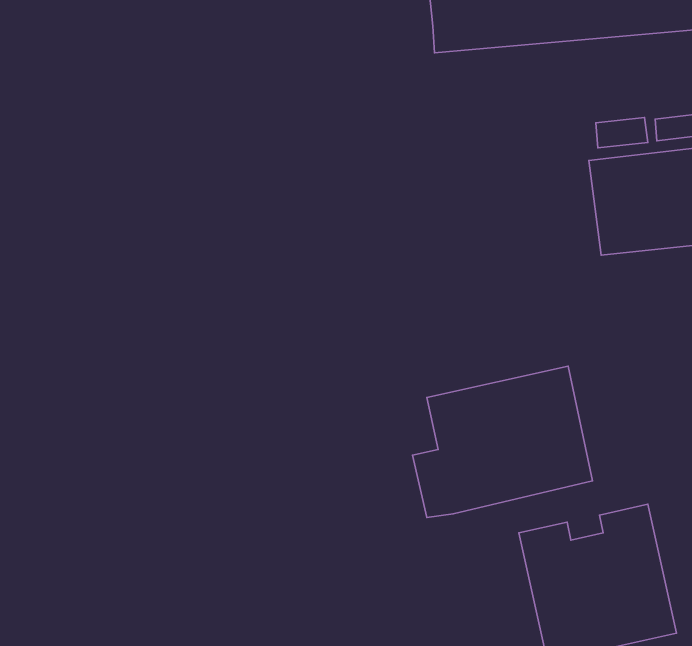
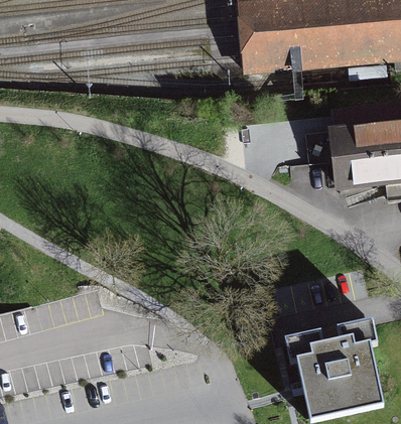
building: [412,366,593,517] -> none

